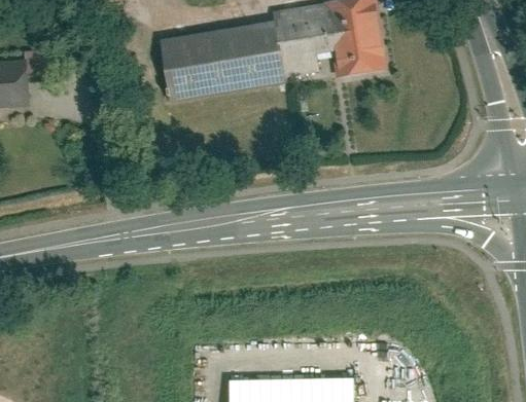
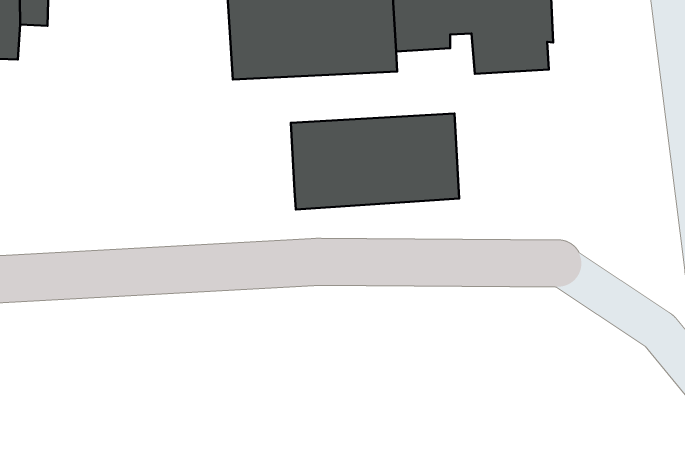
building: none -> [291,113,459,210]

